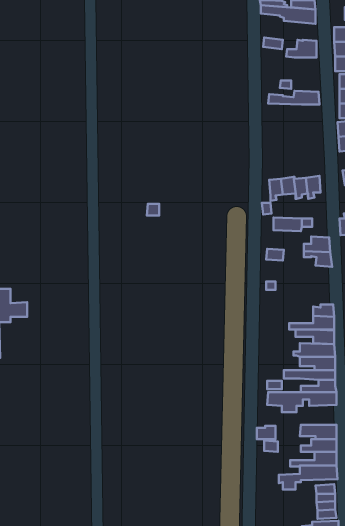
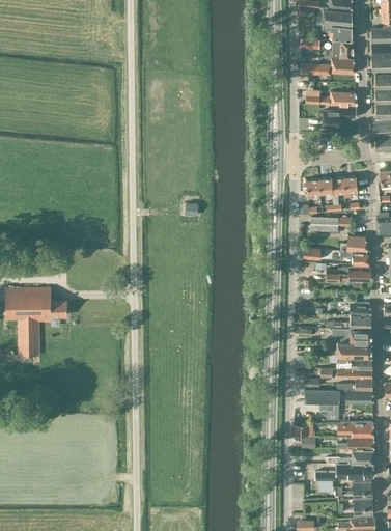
building: none -> [313,18,352,39]
building: none -> [302,58,353,74]
building: none -> [323,105,357,127]
building: none -> [326,267,369,286]

